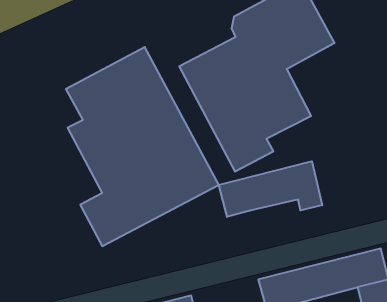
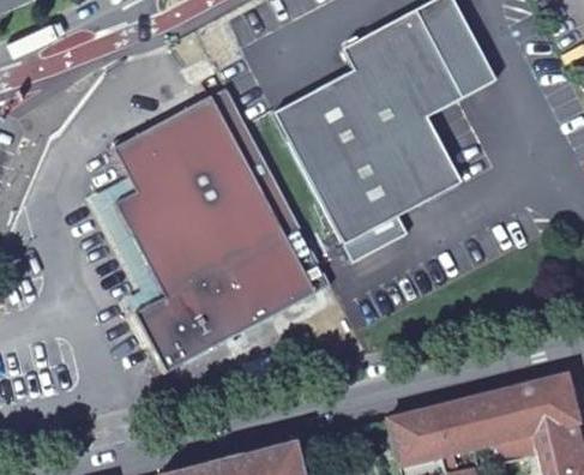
building: [219,161,322,217] -> none

